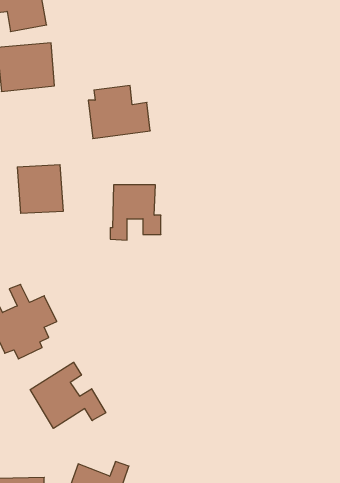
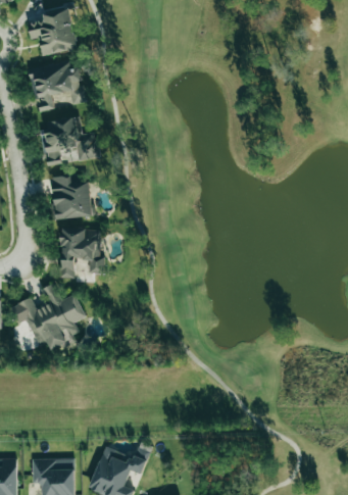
building: [88,86,150,139] -> [42,117,98,165]
building: [110,185,161,240] -> [59,229,105,279]
building: [30,362,106,428] -> none

